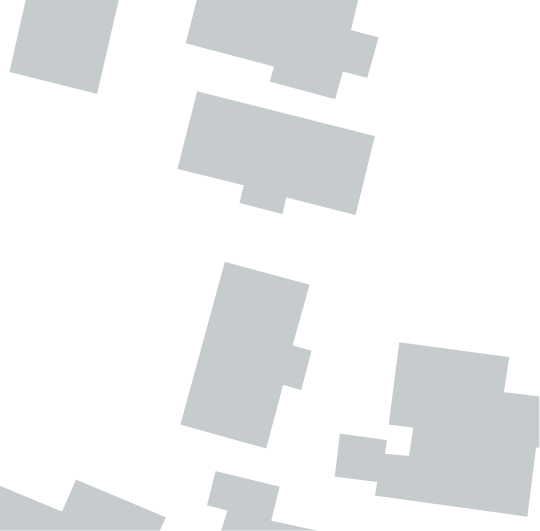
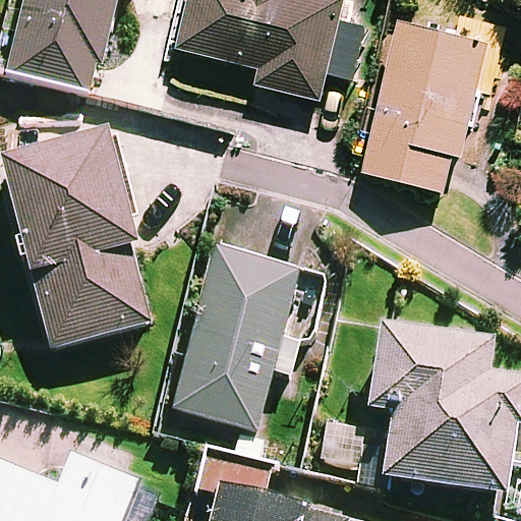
building: none -> [361,16,490,187]
building: [177,91,376,216] -> none
building: none -> [4,137,149,347]

